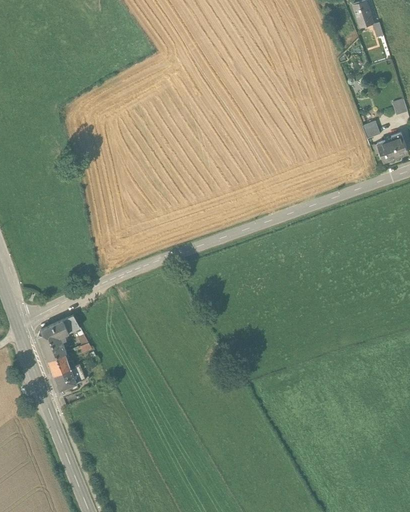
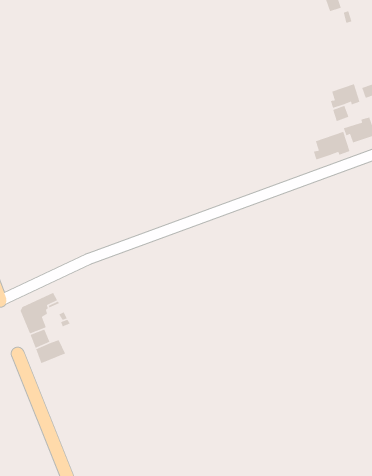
building: none -> [330,83,361,109]
building: none -> [313,131,350,160]

